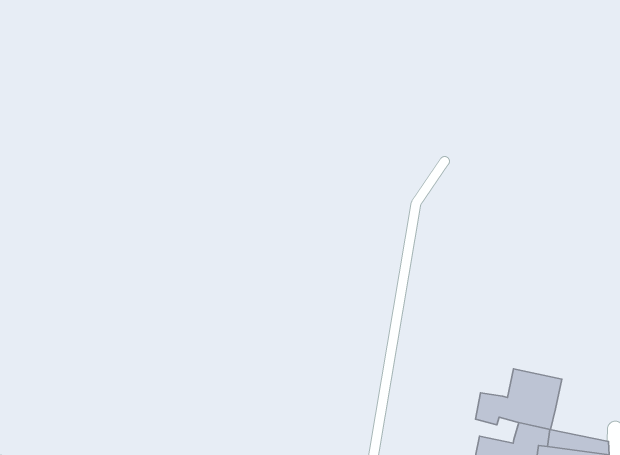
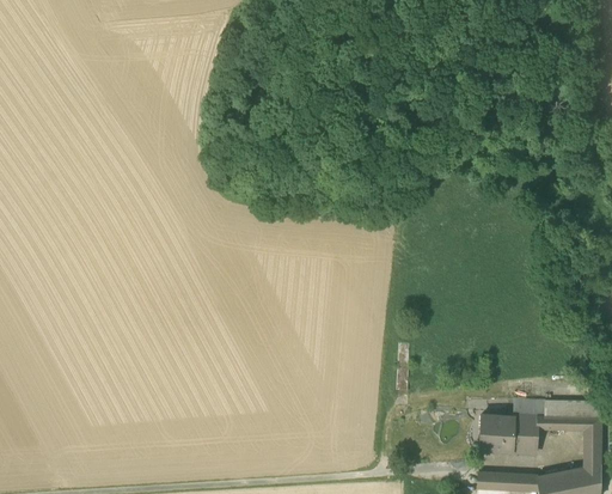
building: [475,369,562,430] -> none

